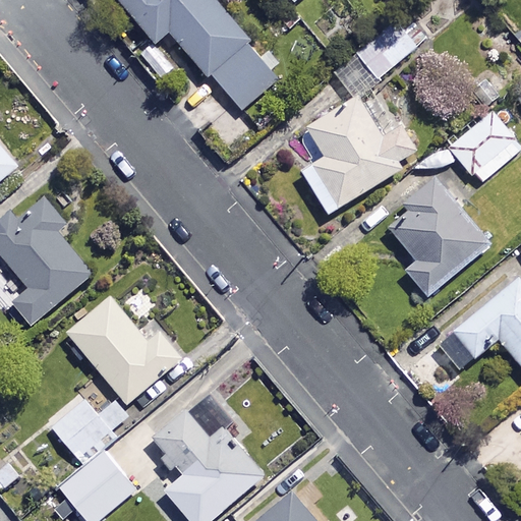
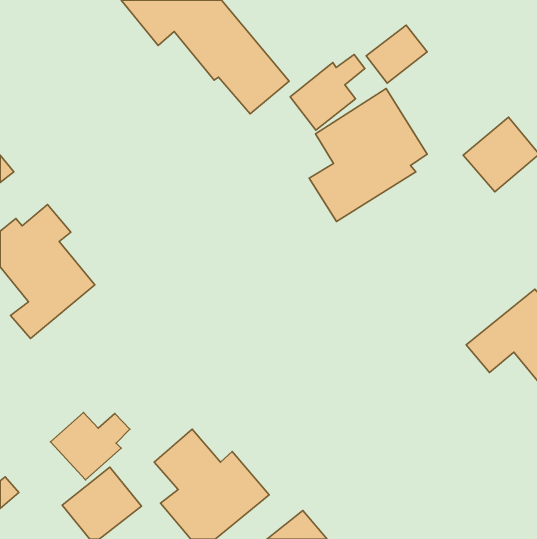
building: none -> [290,55,365,130]
building: [392,178,489,297] -> none
building: [65,296,183,404] -> none

